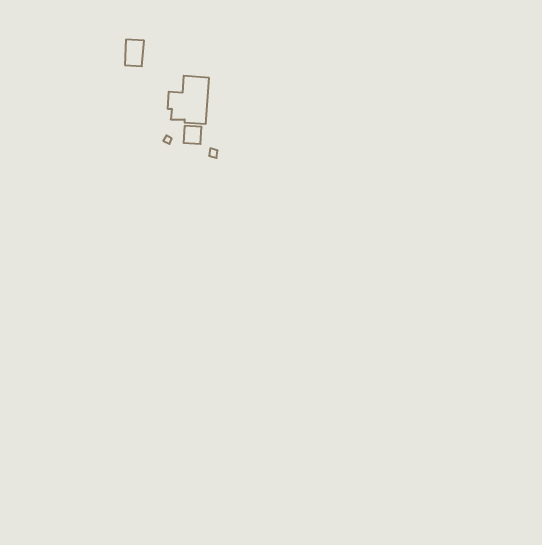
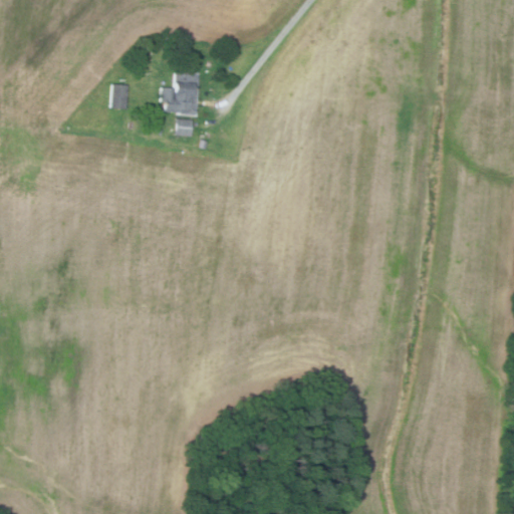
building: [125,40,144,66] -> [111,84,130,109]

